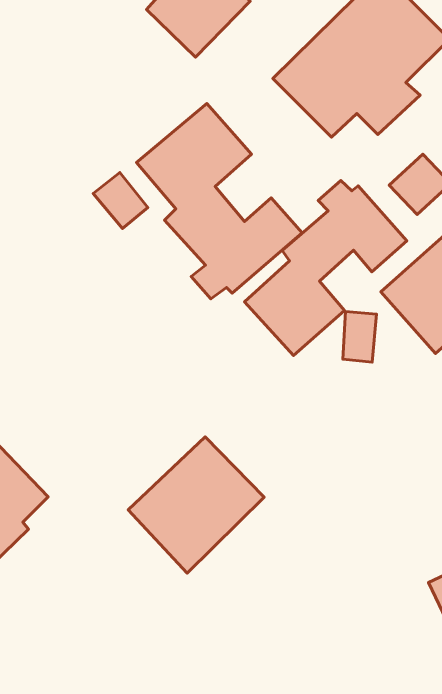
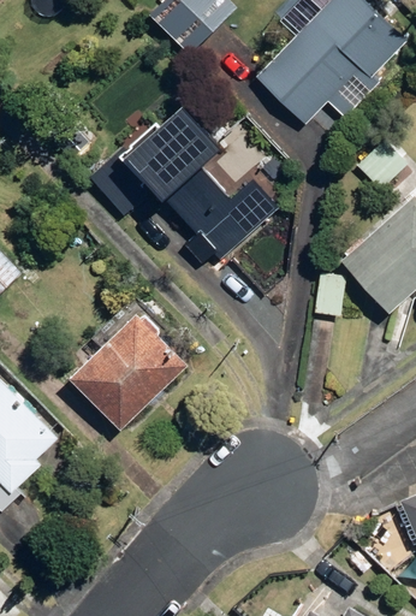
building: [244,181,407,355] -> none
building: [128,437,264,573] -> [75,310,191,427]

